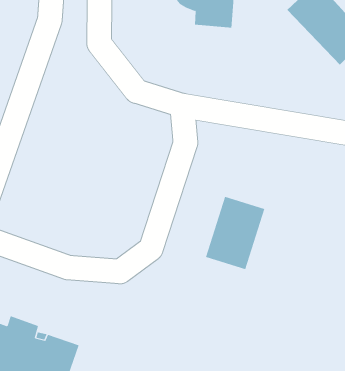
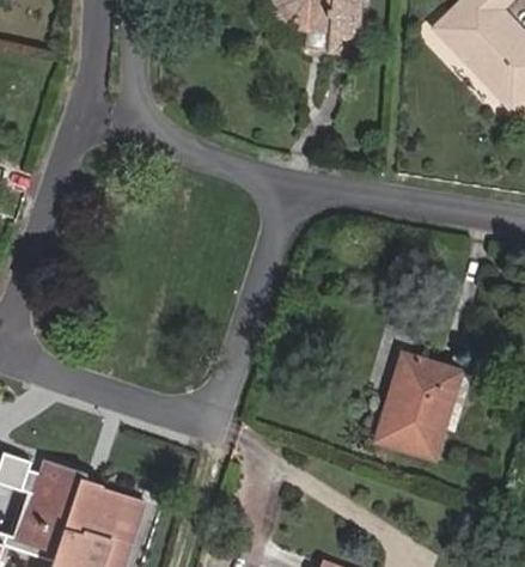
building: [205,196,265,270] -> [376,354,460,458]

